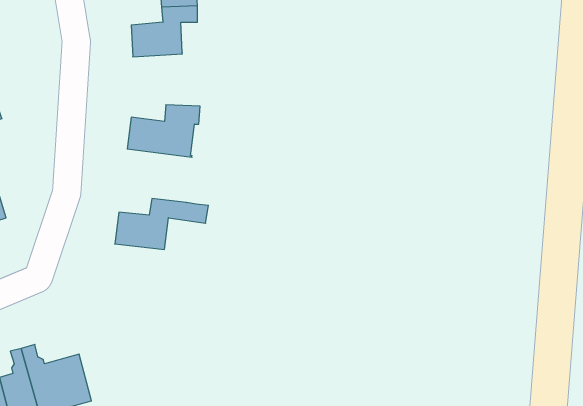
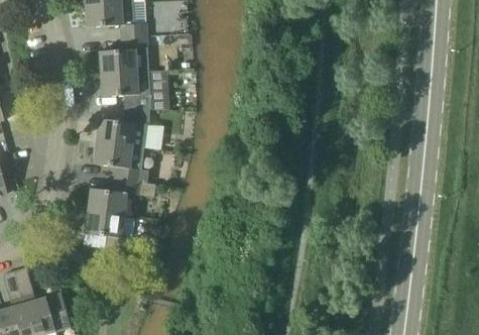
building: none -> [100,69,150,109]
building: none -> [93,140,148,181]
building: none -> [84,210,133,250]

